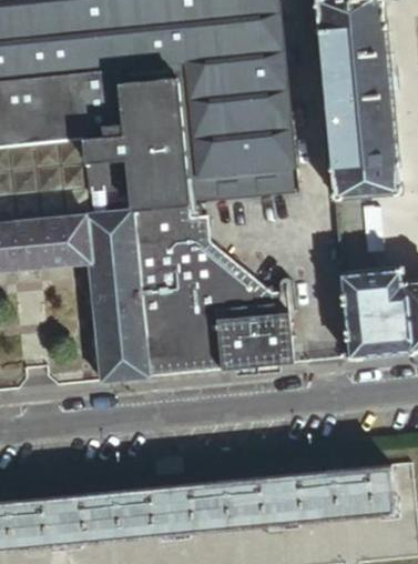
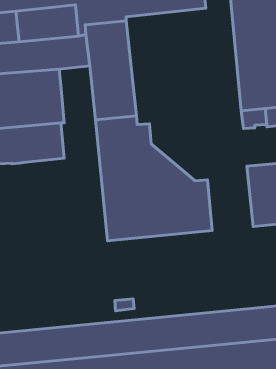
building: [175,54,298,203] -> none
building: [83,134,131,191] -> none
building: [85,209,150,381] -> none

